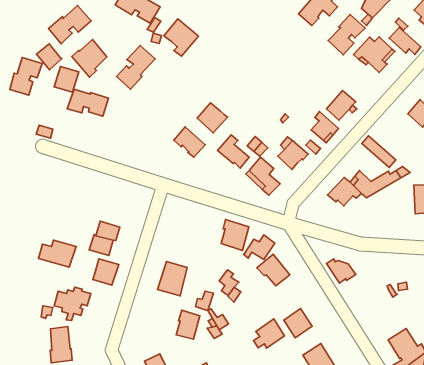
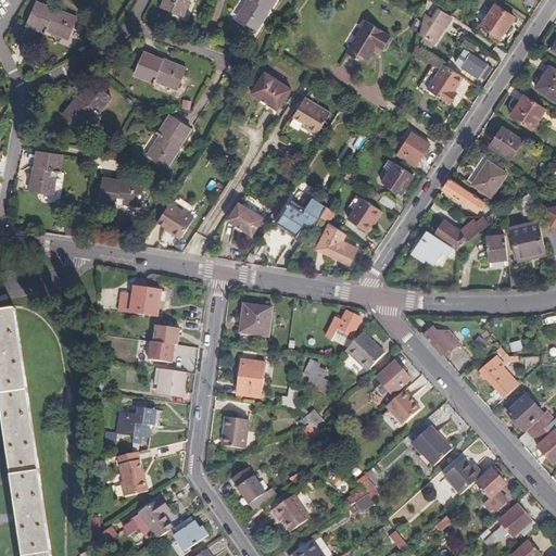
building: [328,14,365,55] -> none
building: [164,19,199,56] -> [249,71,289,113]
building: [72,40,107,77] -> none
building: [36,44,62,70] -> none
building: none -> [292,97,329,134]
building: [54,67,79,92] -> none
building: [197,103,227,133] -> none
building: none -> [155,202,191,239]
building: none -> [471,161,507,198]
building: none -> [486,236,508,270]
building: [221,220,249,251] -> [241,304,270,337]
building: [38,240,76,267] -> [118,288,160,316]
building: none -> [479,355,519,397]
building: [176,310,200,339] -> [223,416,247,447]
building: [254,319,285,348] -> [374,361,408,396]

